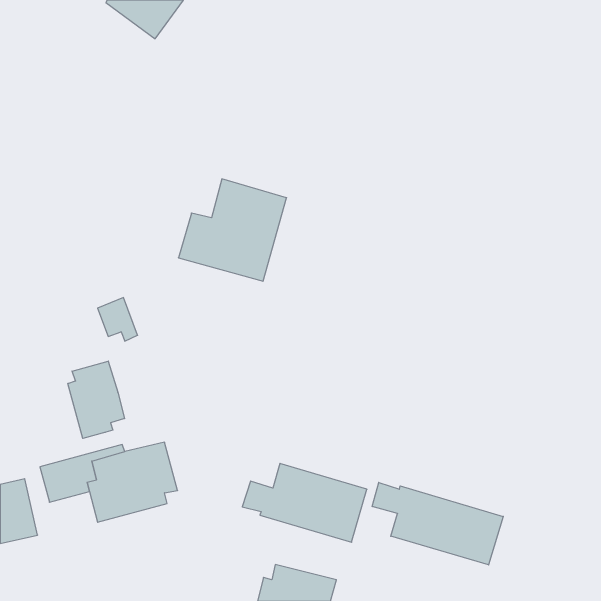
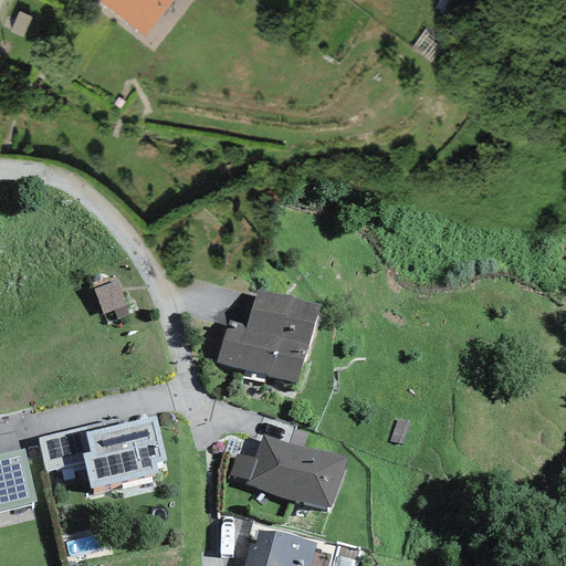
building: [178,179,287,281] -> [216,287,317,384]
building: [68,361,125,438] -> none
building: [372,482,503,565] -> none

